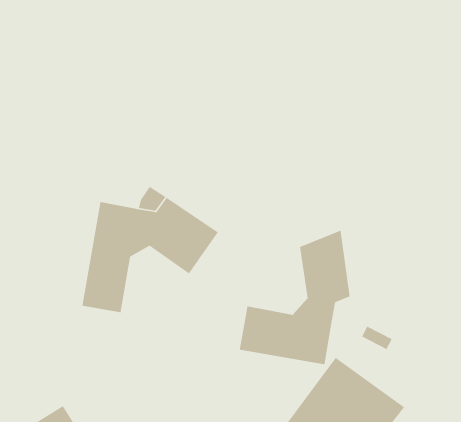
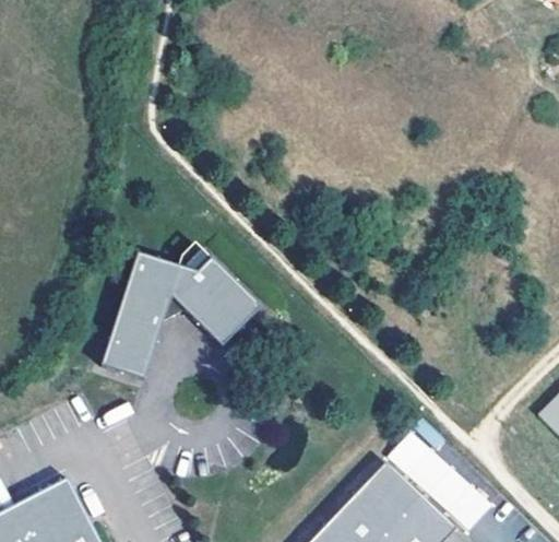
building: [239,230,351,365] -> none

